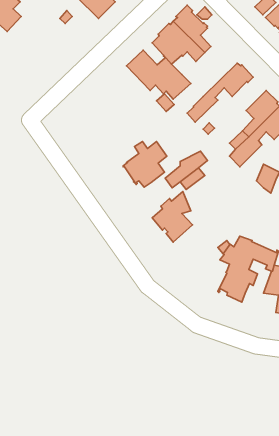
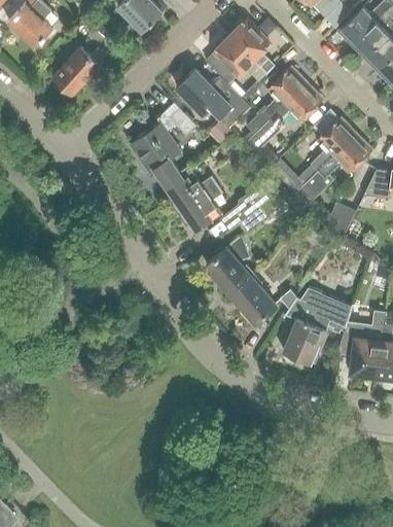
building: none -> [52,48,105,96]
building: none -> [255,65,305,124]
building: none -> [131,104,195,201]
building: none -> [229,274,278,324]

